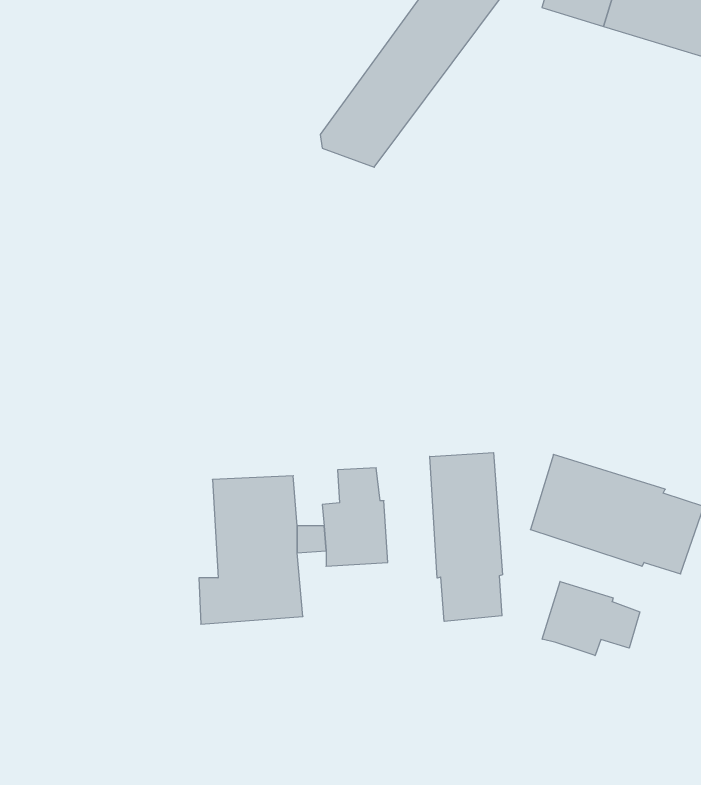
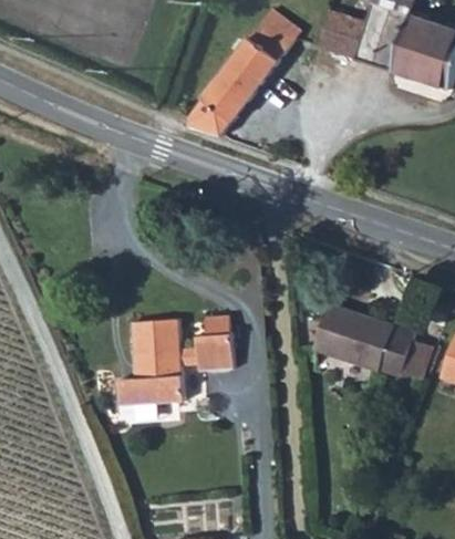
building: [430,453,503,621] -> none
building: [542,581,640,656] -> none

